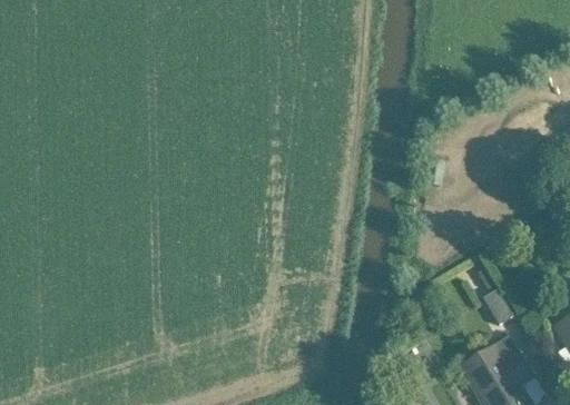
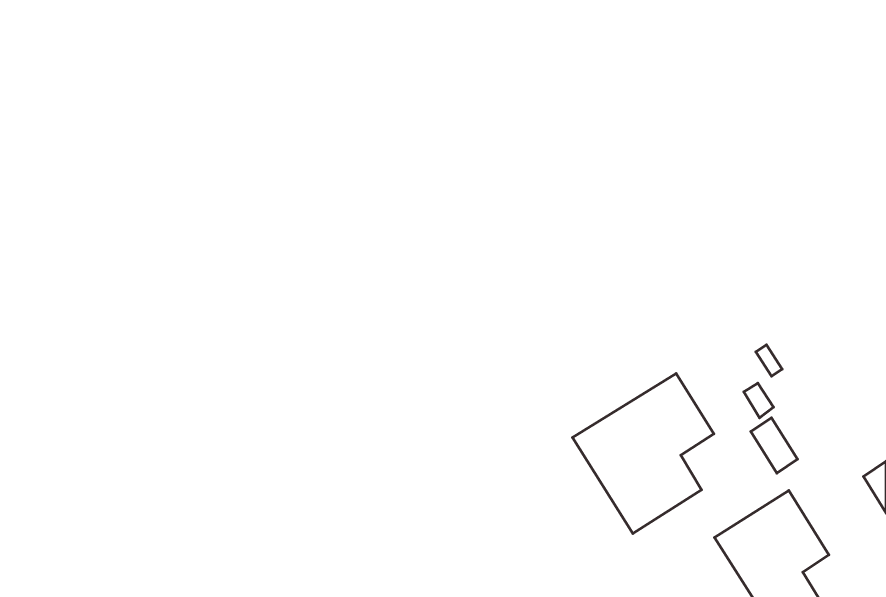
building: none -> [572,374,714,533]

